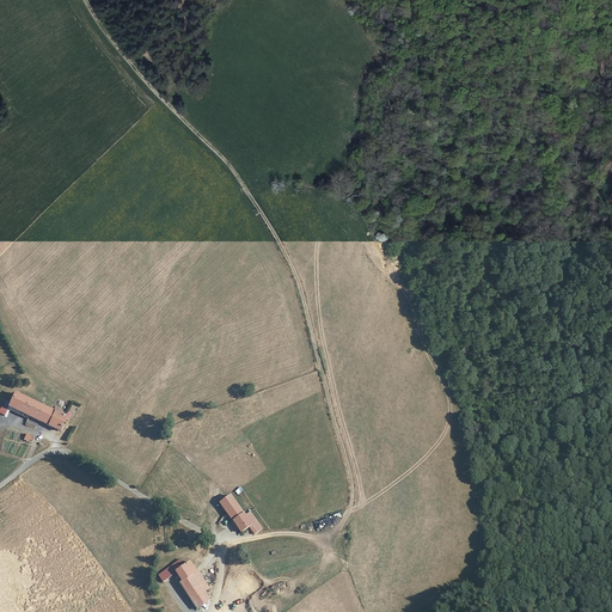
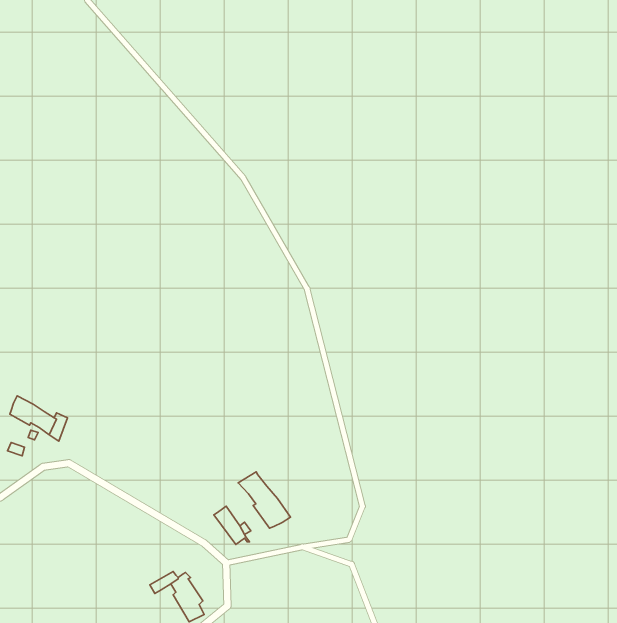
building: none -> [238,472,291,528]

